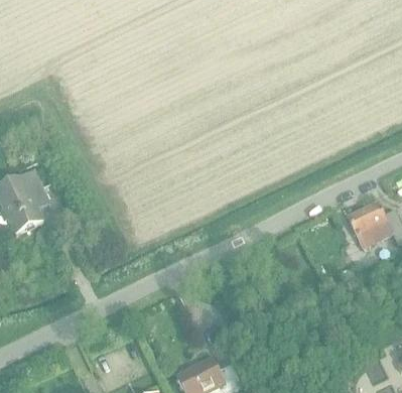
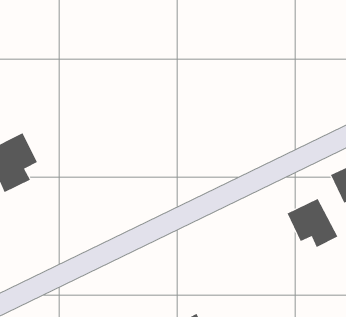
building: none -> [287,198,338,248]

